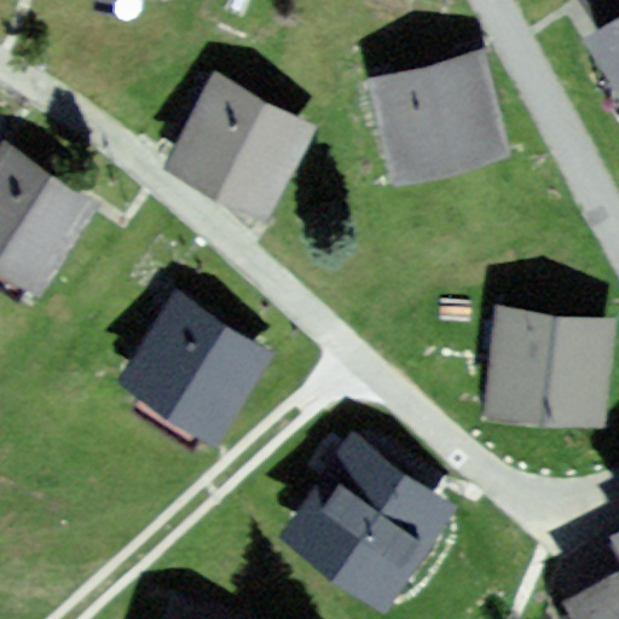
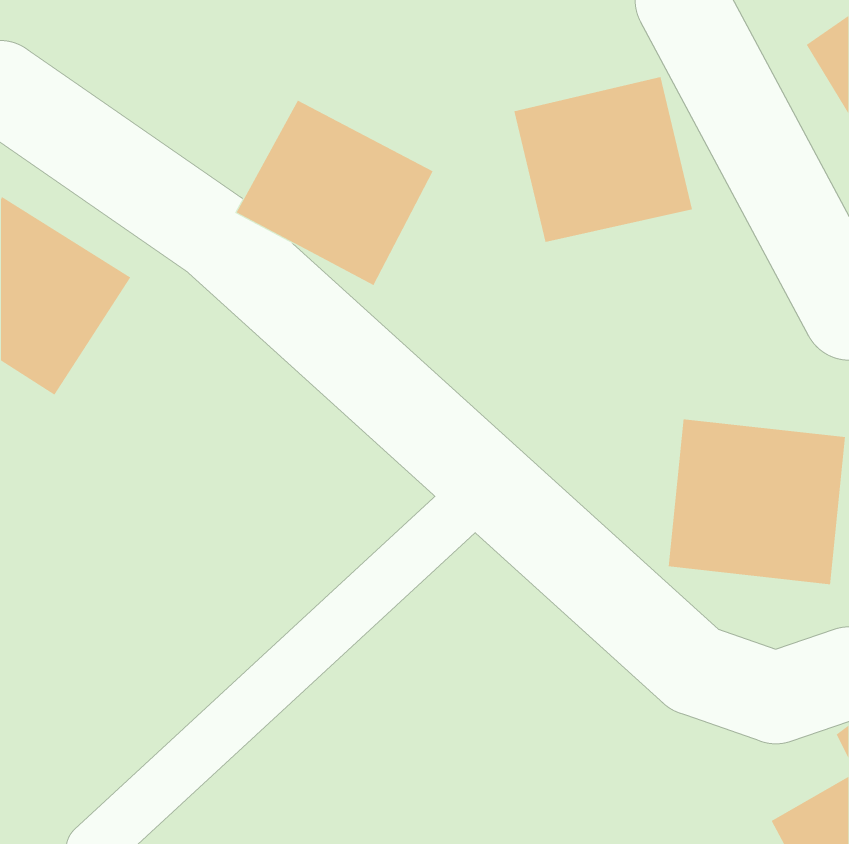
building: [125,301,267,440] -> none
building: [282,442,455,613] -> none

